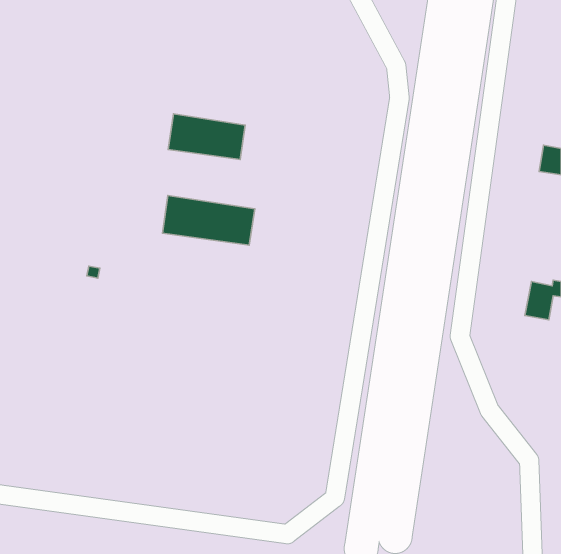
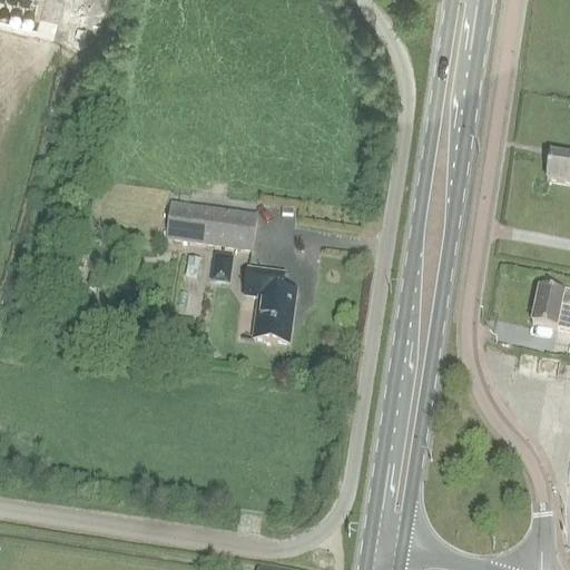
building: [168,114,245,160] -> none
building: none -> [246,264,296,340]

